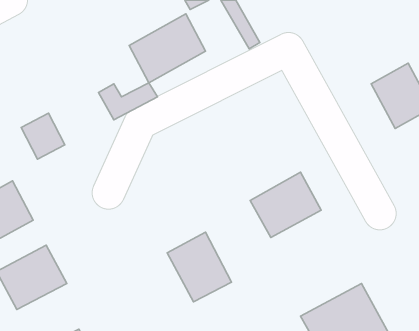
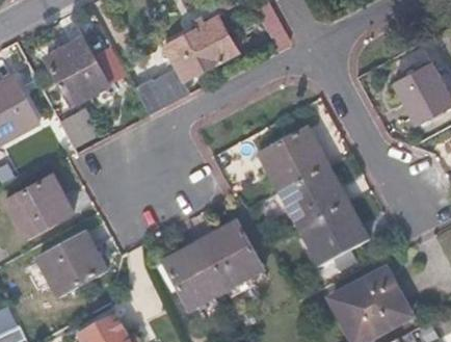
building: none -> [46,35,128,103]
building: none -> [259,128,327,191]
building: none -> [299,201,367,264]
building: none -> [164,241,226,308]

